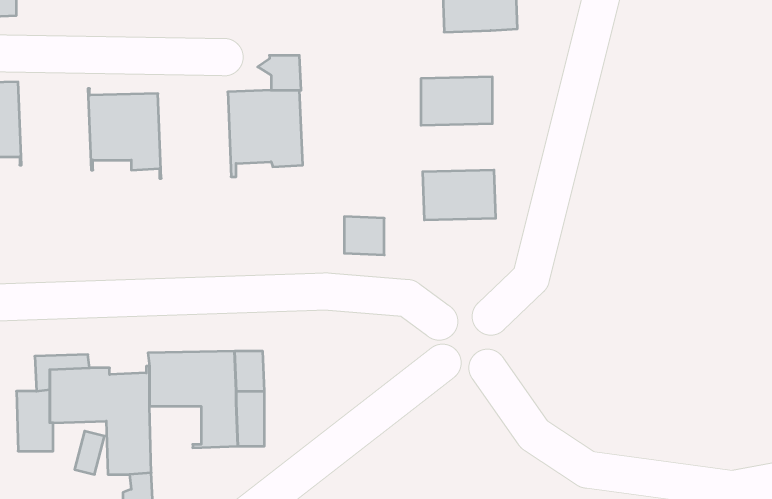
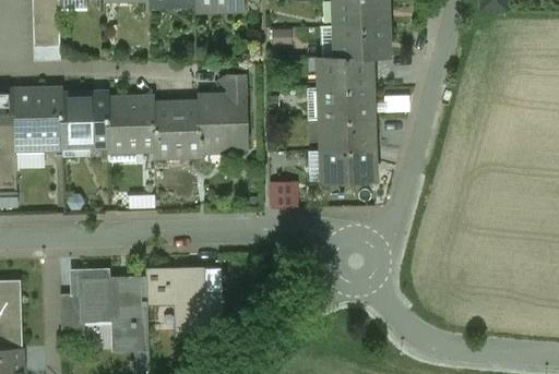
building: none -> [323,57,371,88]
building: none -> [60,91,108,148]
building: none -> [152,97,200,154]
building: none -> [324,118,372,149]

